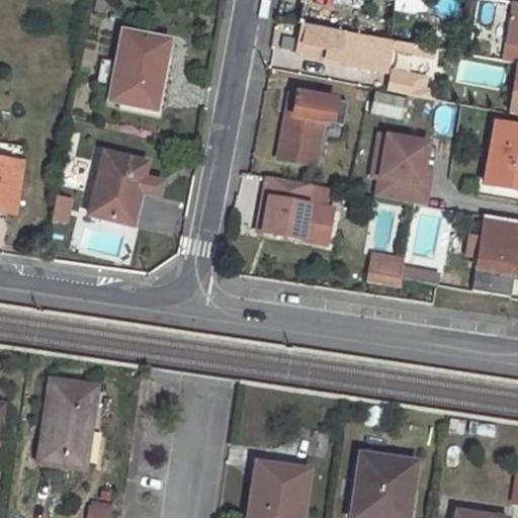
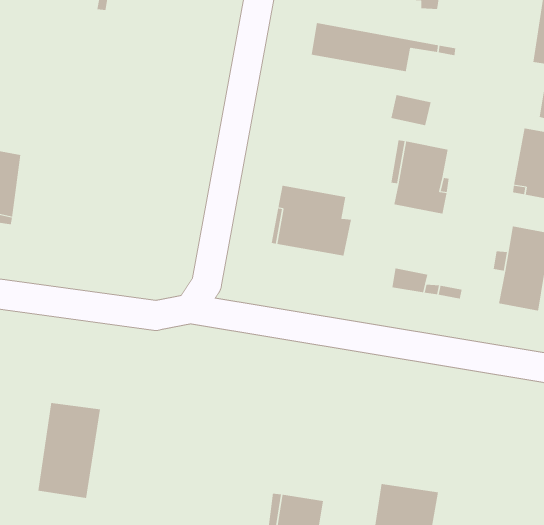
building: [109,30,168,107] -> none
building: [387,69,433,96] -> none
building: [278,91,346,163] -> none
building: [87,152,146,224] -> none

